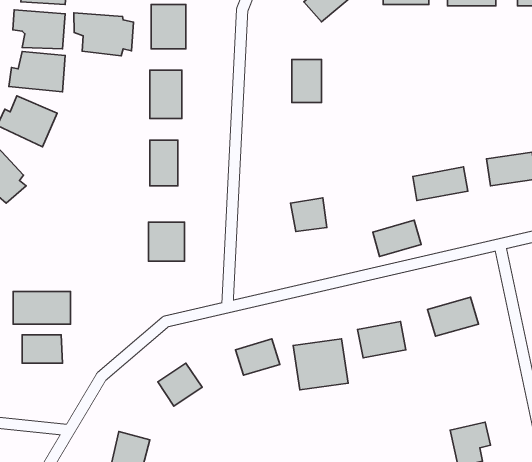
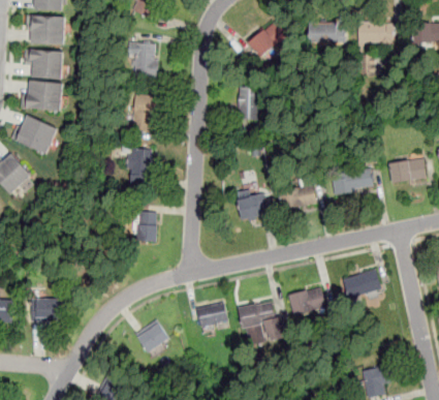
building: [74,13,133,56] -> none
building: [373,220,421,256] -> [279,185,316,213]
building: [13,292,71,324] -> none

